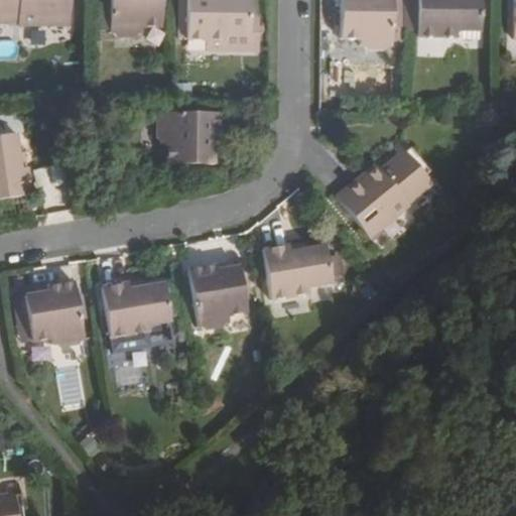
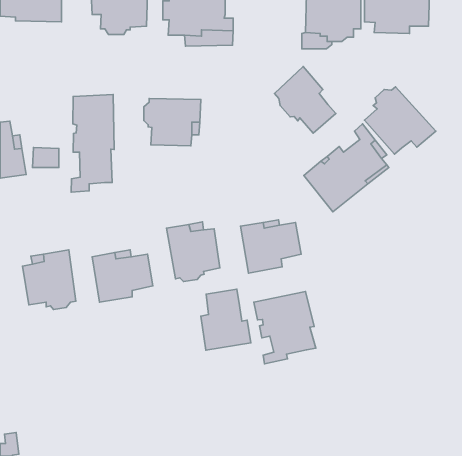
building: none -> [274,67,336,133]
building: none -> [364,87,436,154]
building: none -> [71,95,114,192]
building: none -> [201,289,251,350]
building: none -> [254,292,316,364]

